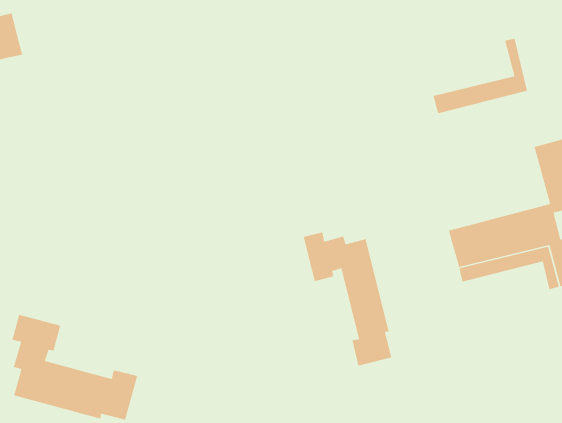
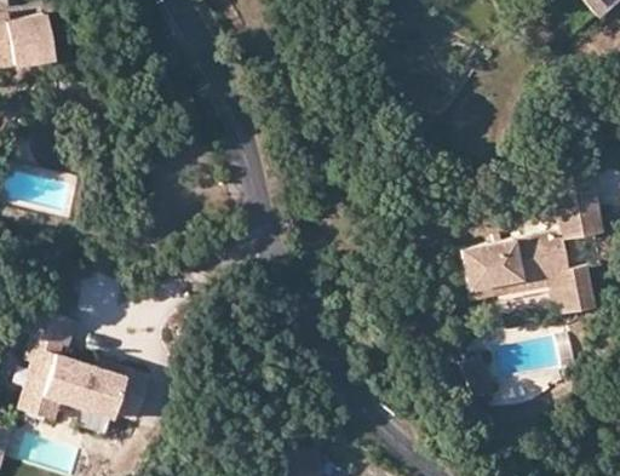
building: [433,38,528,114] -> none
building: [303,231,392,367] -> none

